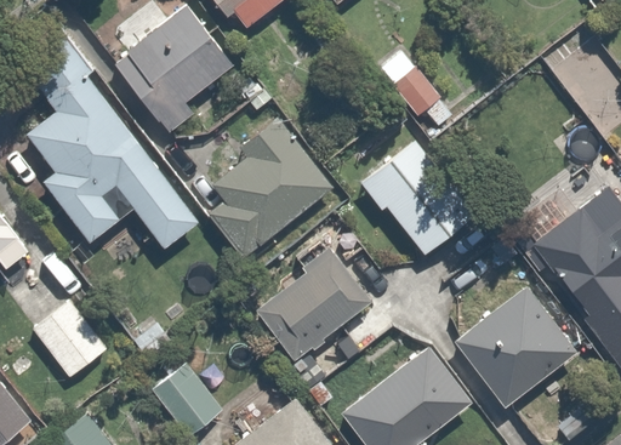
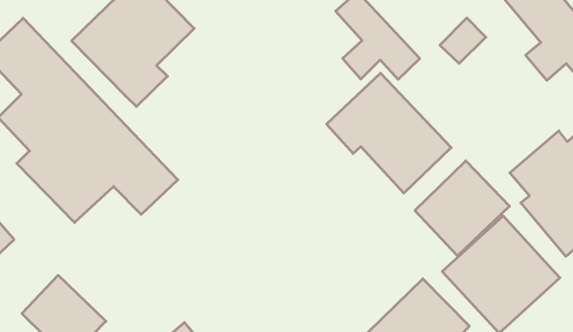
building: [201,114,337,262] -> none
building: none -> [415,161,510,256]
building: [252,249,375,363] -> none

